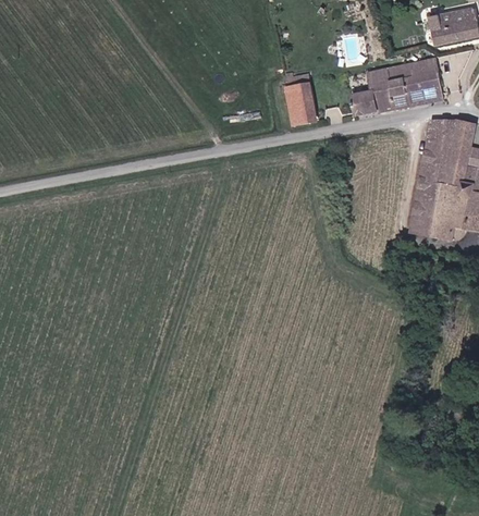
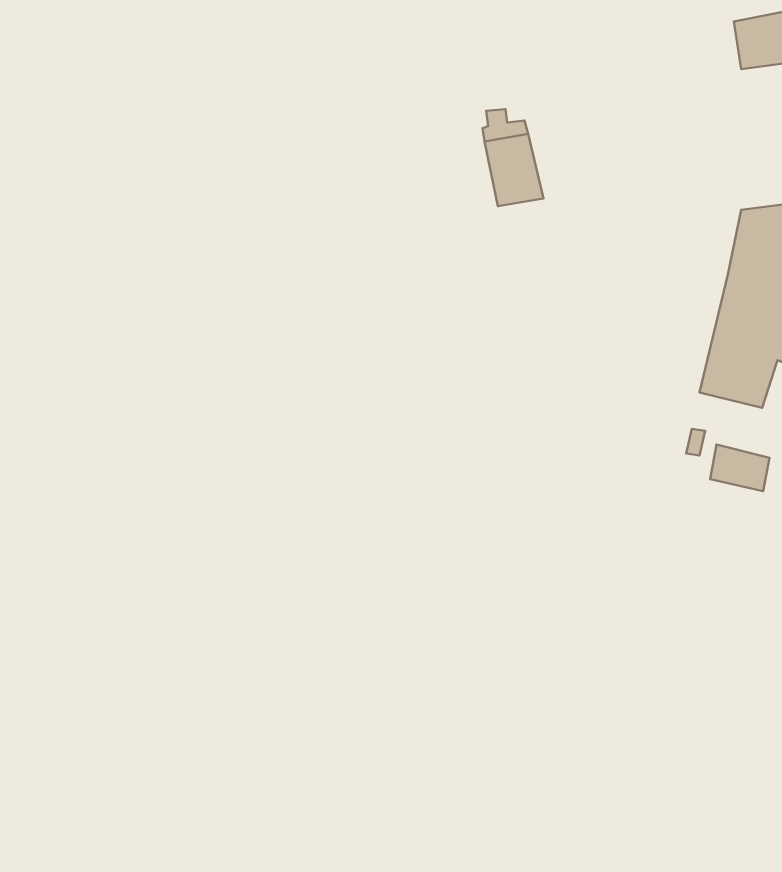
building: [352,58,442,110] -> none
building: none -> [710,444,770,491]

